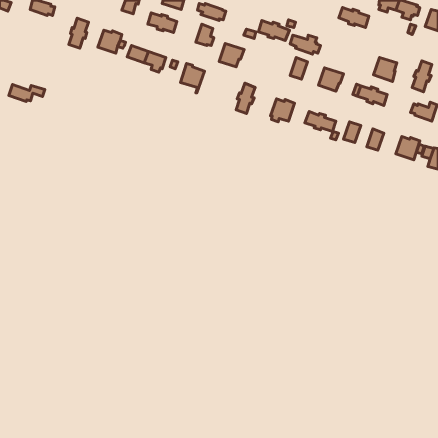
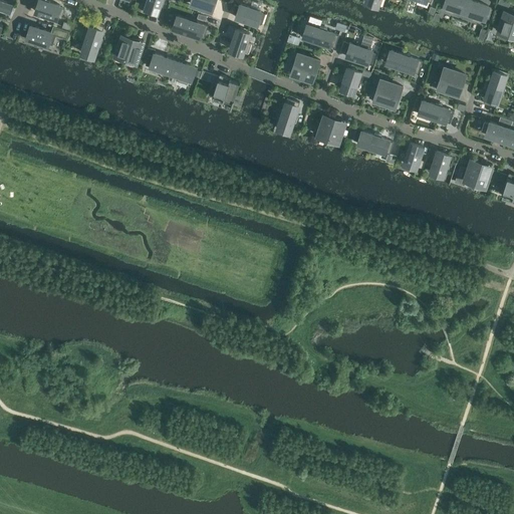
building: [339,8,369,27] -> [386,51,421,74]
building: [219,44,244,67] -> [290,54,319,81]
building: [9,84,45,102] -> [26,26,68,46]

